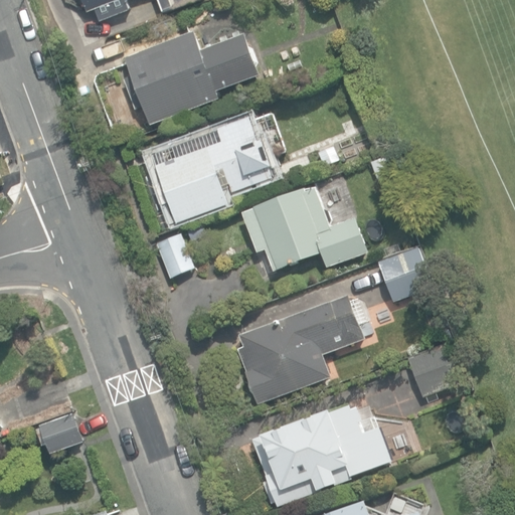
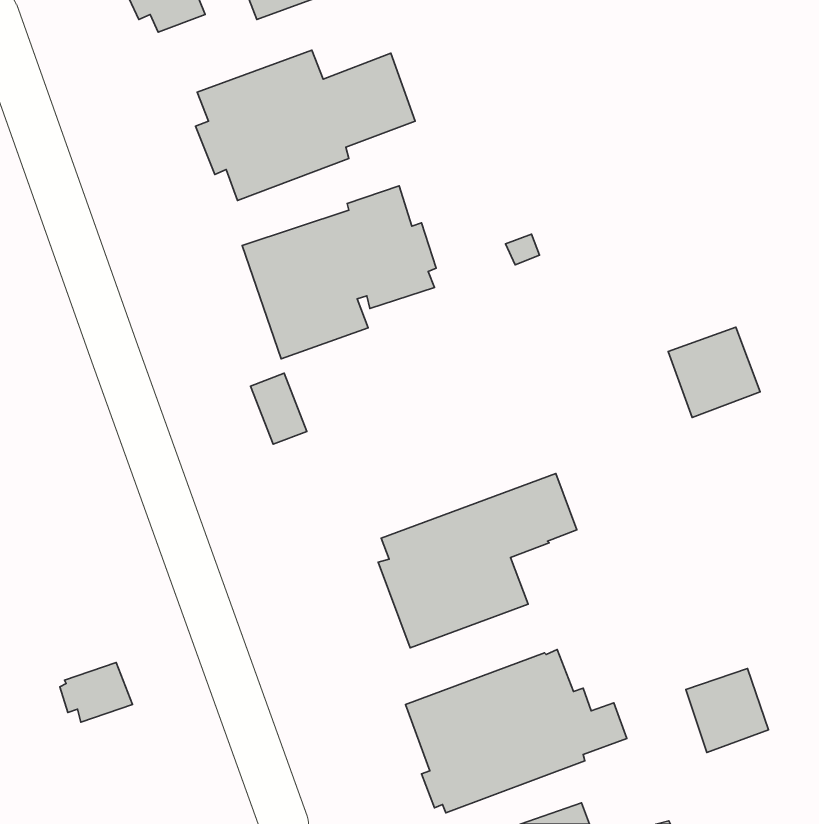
building: [241,187,367,271] -> none
building: [374,245,432,302] -> [668,327,760,418]
building: [408,344,460,396] -> [686,668,768,752]

